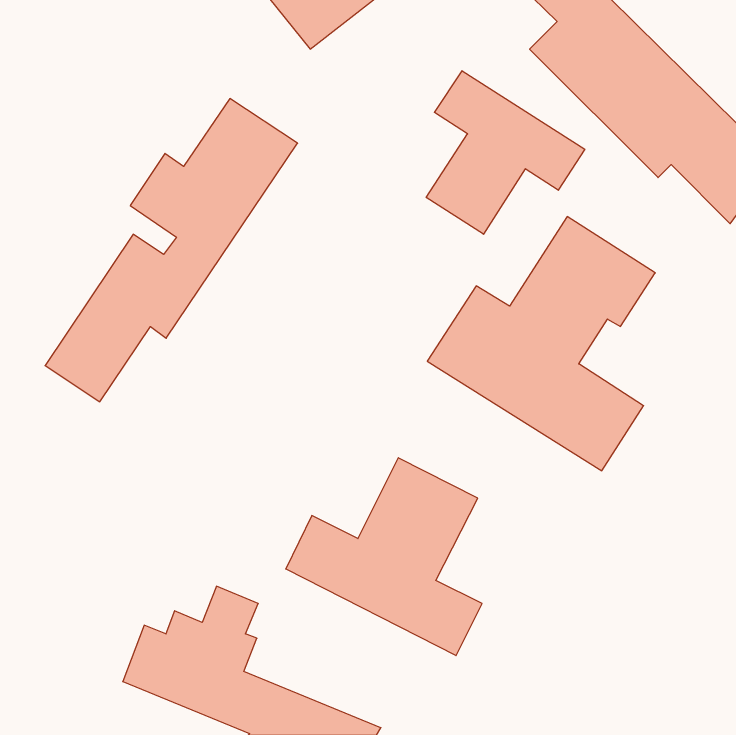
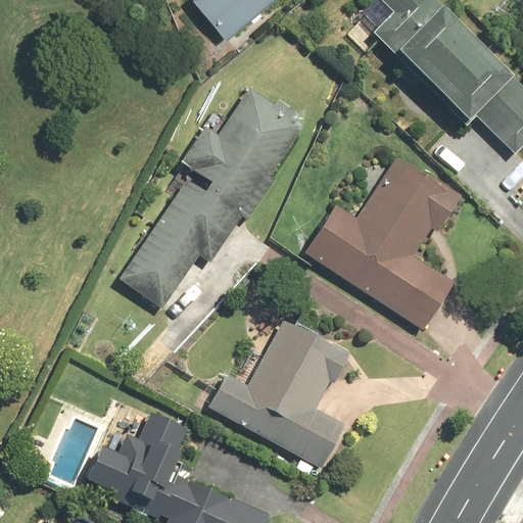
building: [426,71,585,234] -> none
building: [45,99,298,402] -> [124,87,302,301]

